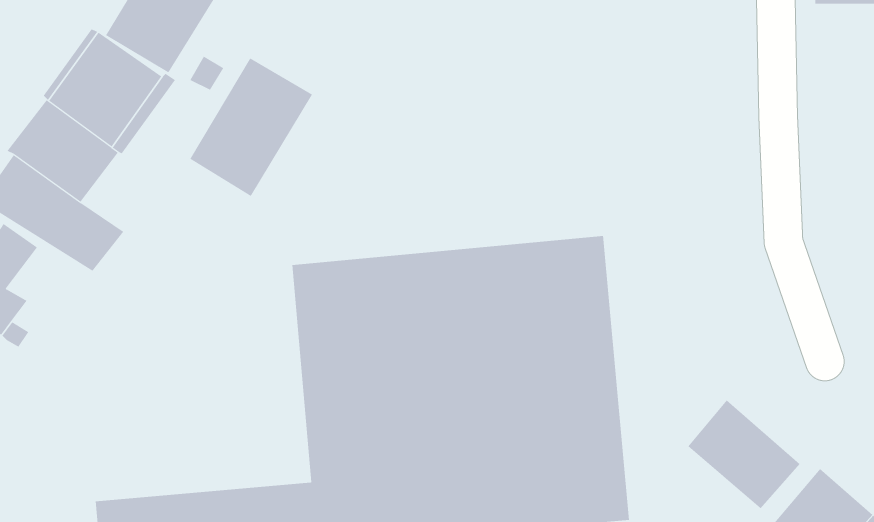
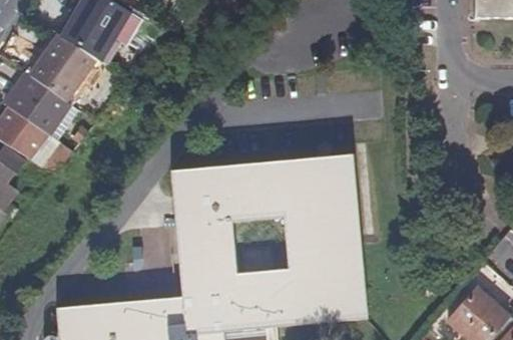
building: [190,58,313,197] -> none
building: [687,399,801,509] -> none

